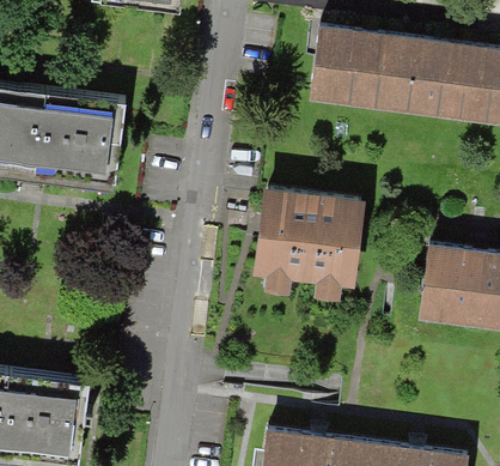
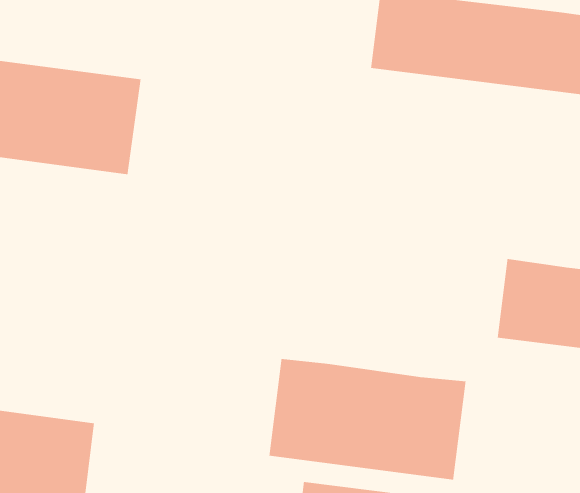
building: [263,190,366,278] -> none
building: none -> [268,358,467,480]

